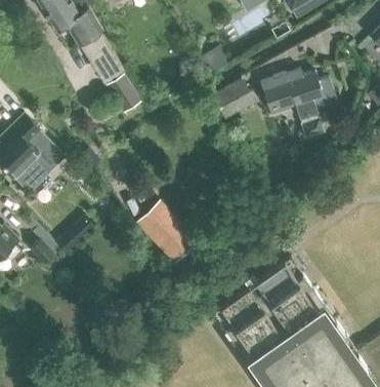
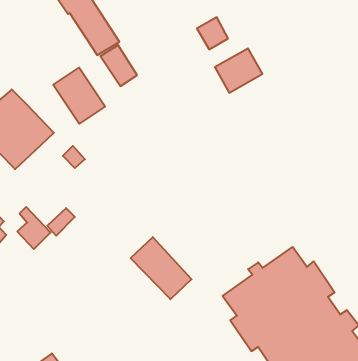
building: [260,68,339,139] -> none
building: none -> [53,68,105,124]
building: [139,202,196,260] -> [131,237,192,299]

